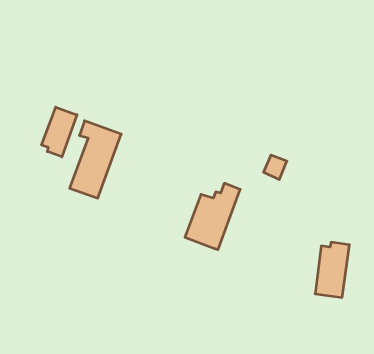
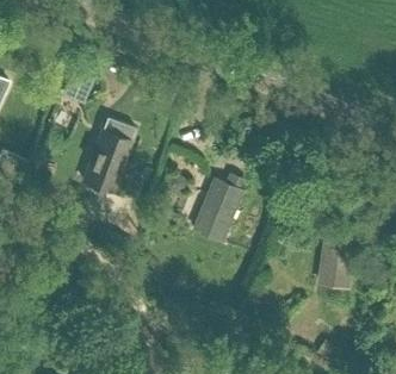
building: [42,107,77,157] -> none

